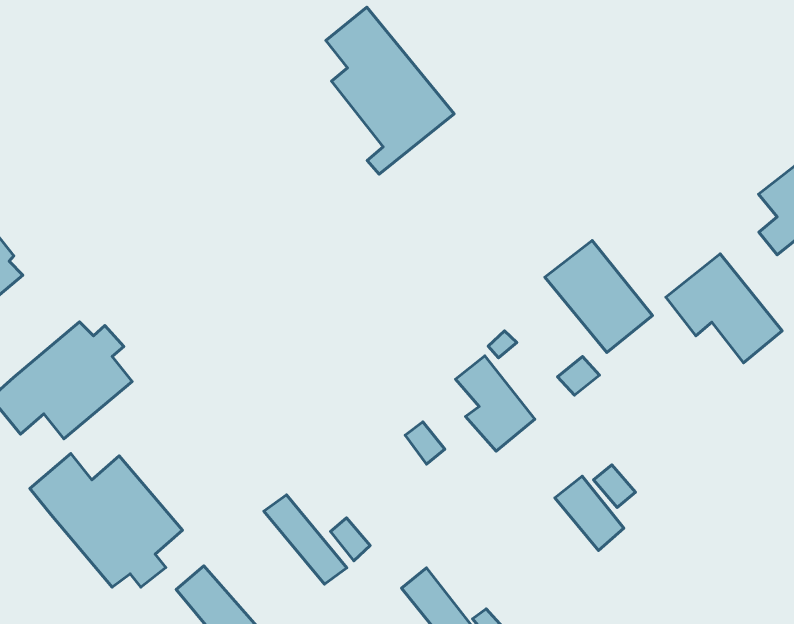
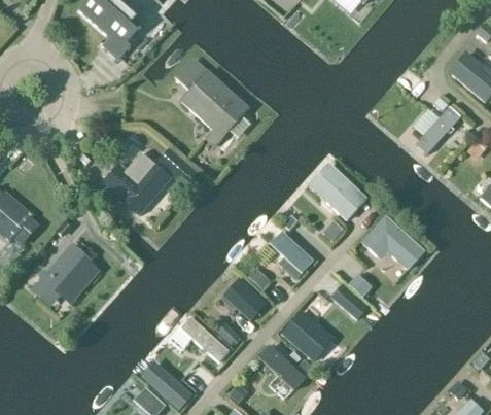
building: none -> [97,148,171,213]
building: [666,254,782,363] -> [362,214,425,269]
building: none -> [223,277,267,319]
building: [30,454,182,587] -> none
building: none -> [283,310,334,358]

